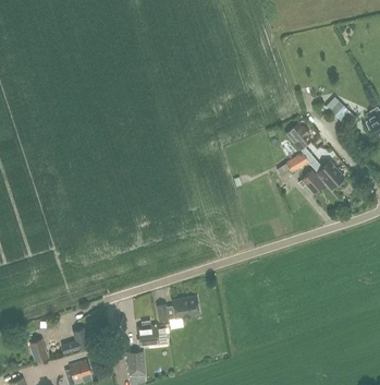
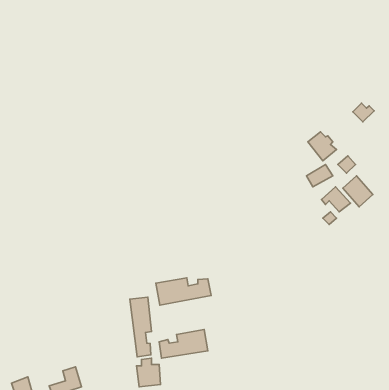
building: none -> [156,278,211,305]
building: none -> [130,297,152,357]

